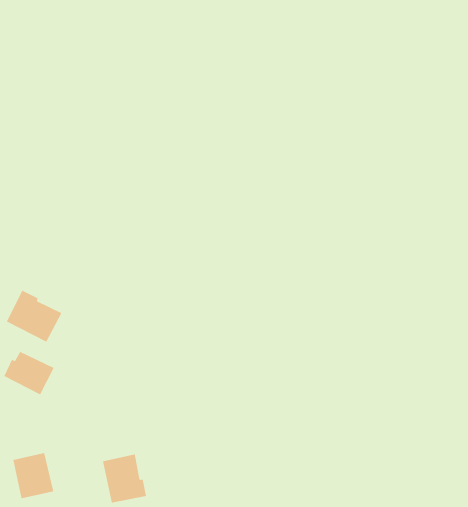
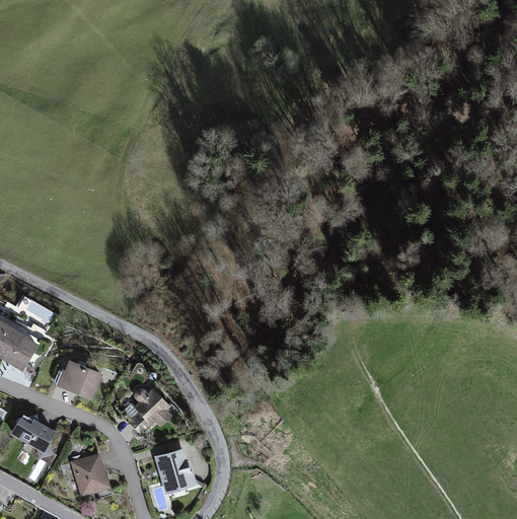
building: [6,290,62,343] -> none
building: none -> [123,387,173,434]

